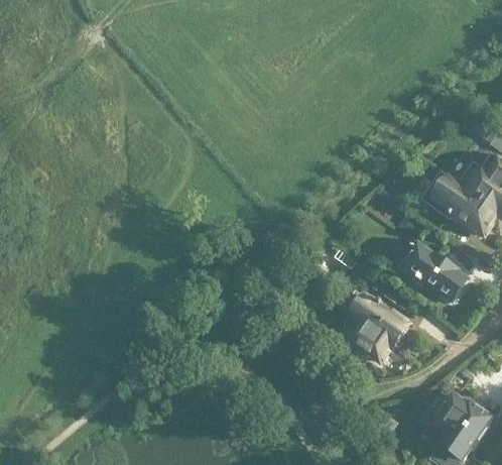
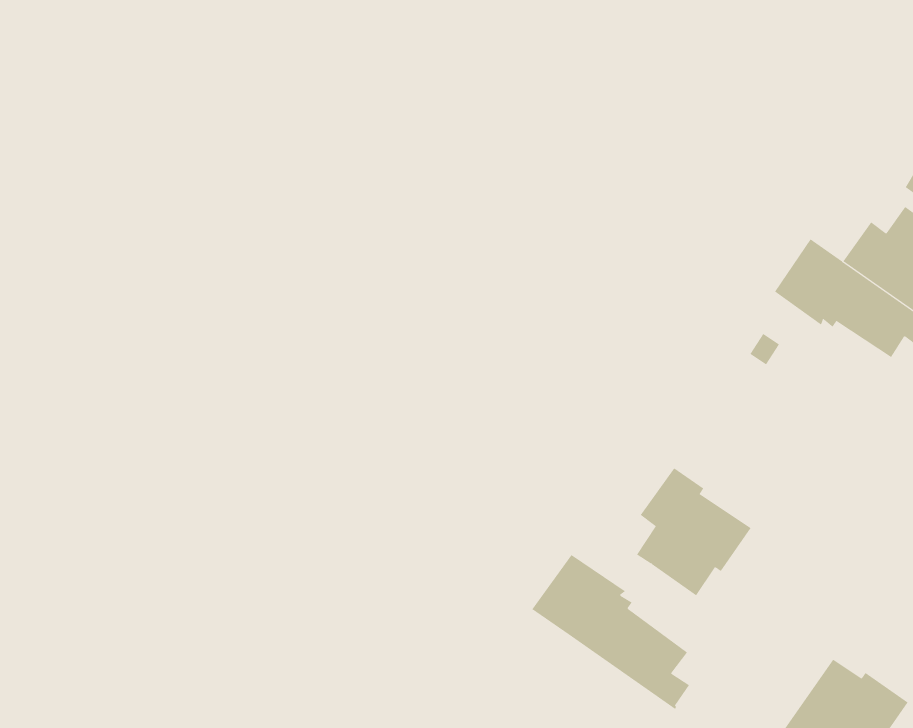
building: [402,243,469,301] -> none
building: none -> [531,554,690,710]

